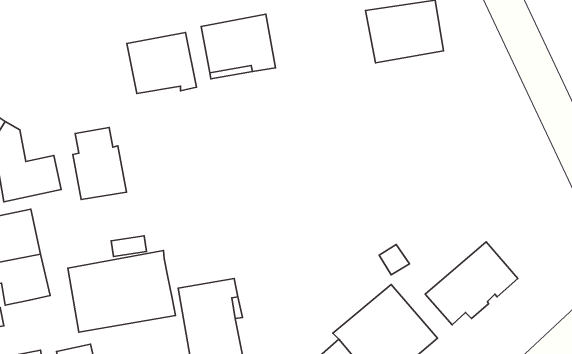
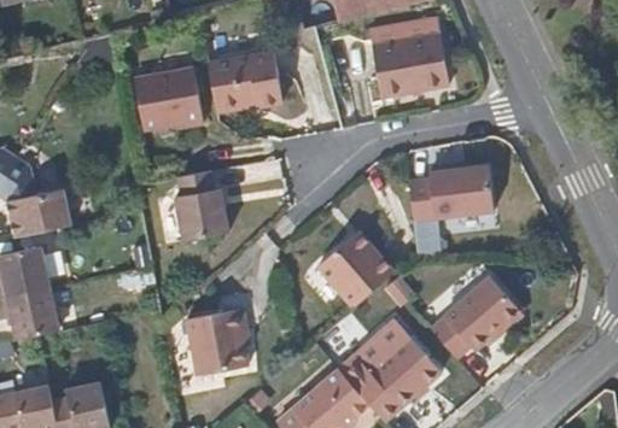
building: [73,128,126,199] -> [171,169,225,240]
building: none -> [408,166,494,221]
building: none -> [321,230,397,306]
building: [68,250,175,332] -> none

